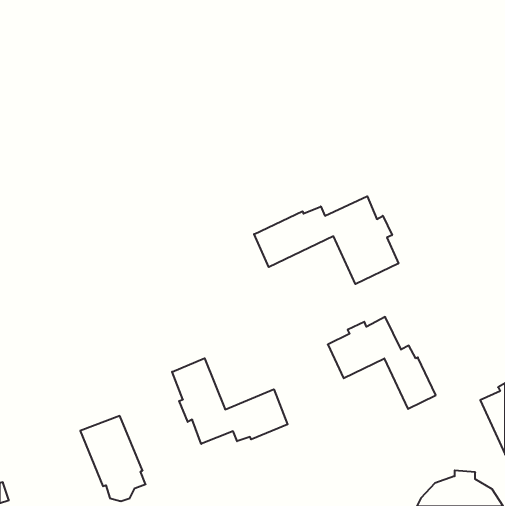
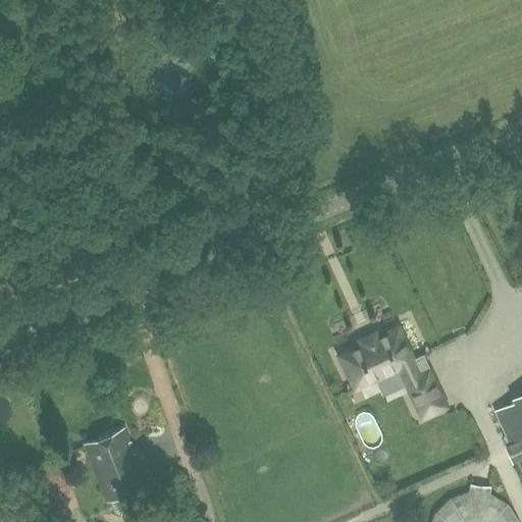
building: [254,196,398,284] -> none
building: [172,358,288,444] -> none

